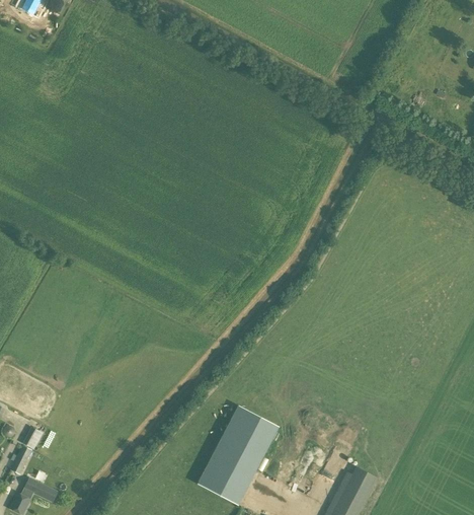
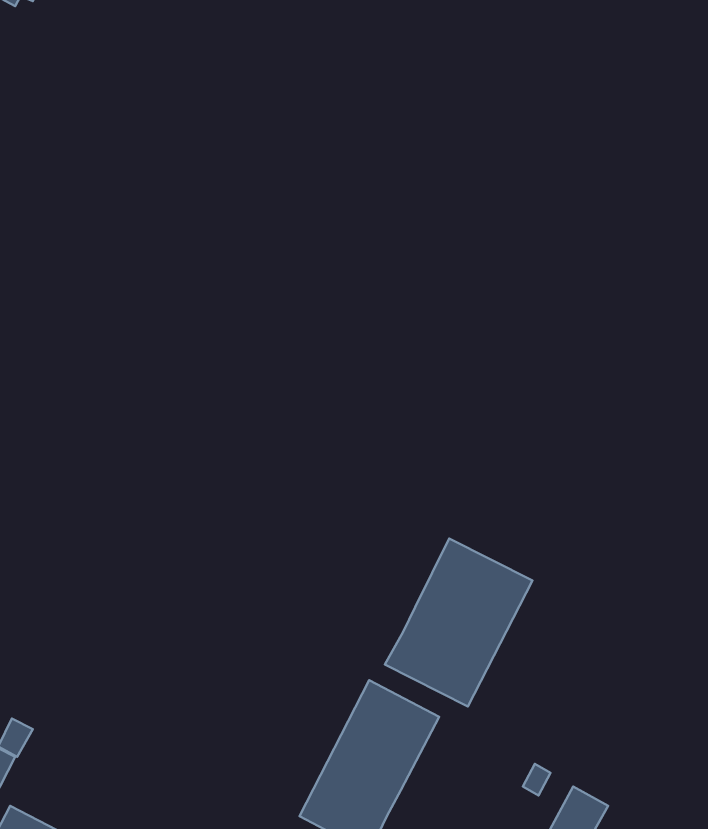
building: none -> [385,539,532,706]

